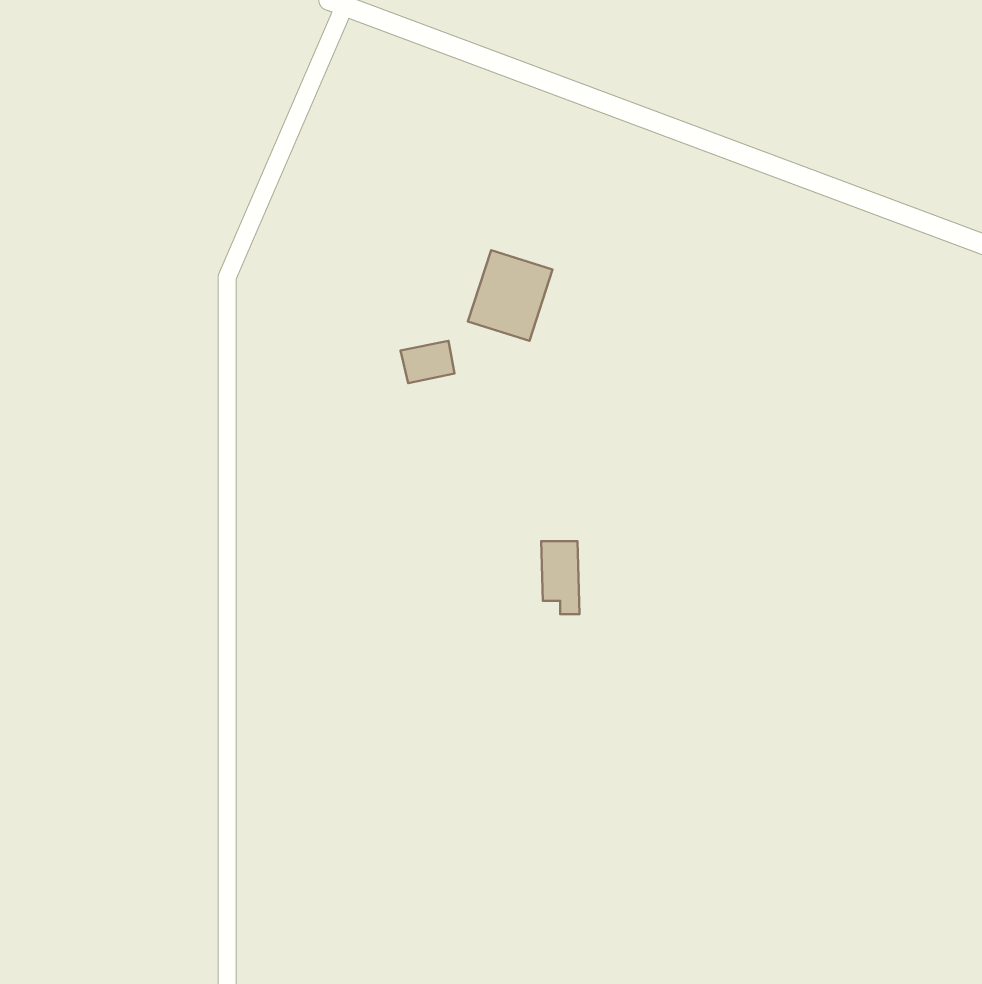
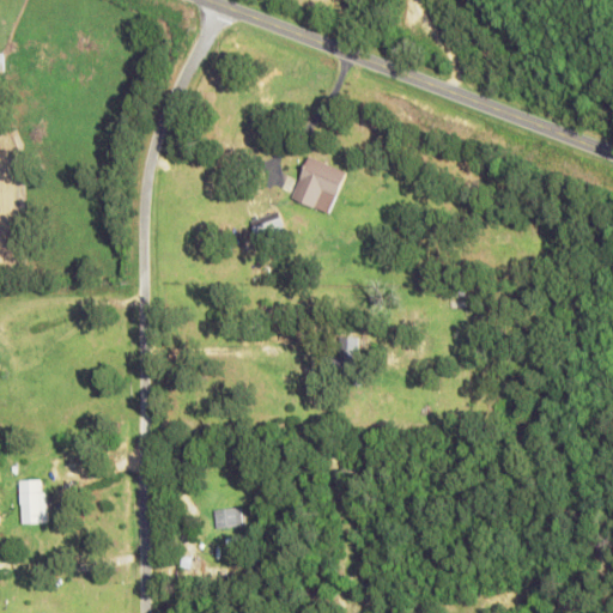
building: none -> [18,479,47,523]
building: none -> [214,506,243,528]

